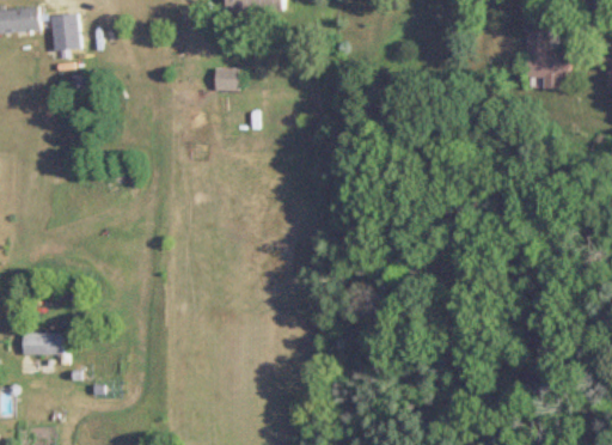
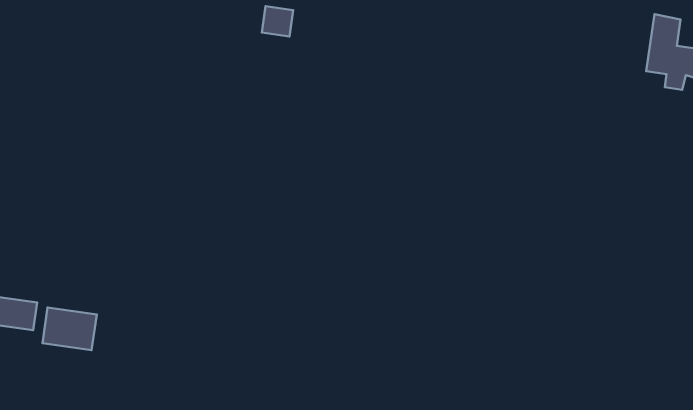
building: none -> [42,308,97,350]

